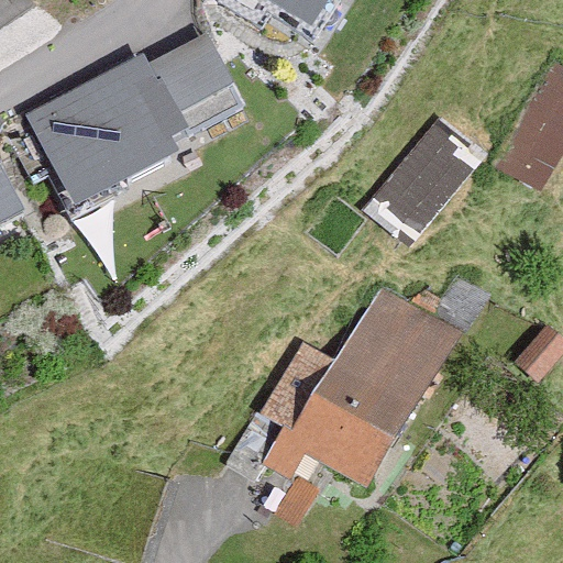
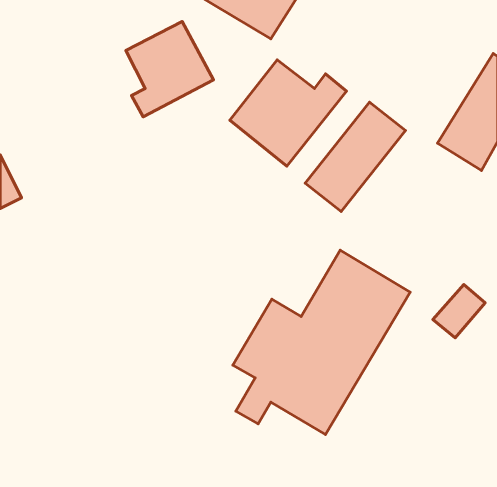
building: [27,57,175,211] -> none
building: none -> [230,60,347,166]

